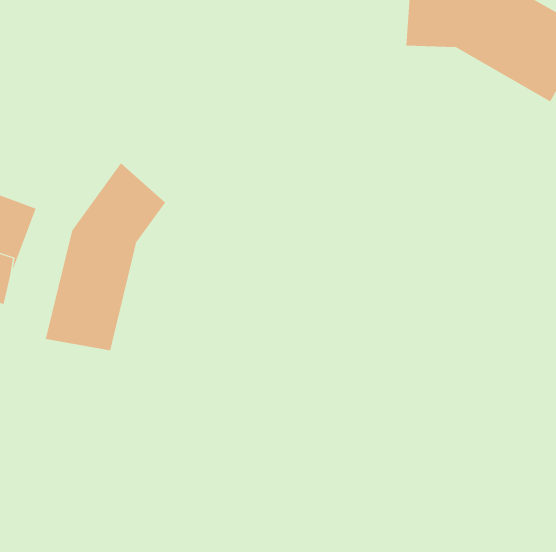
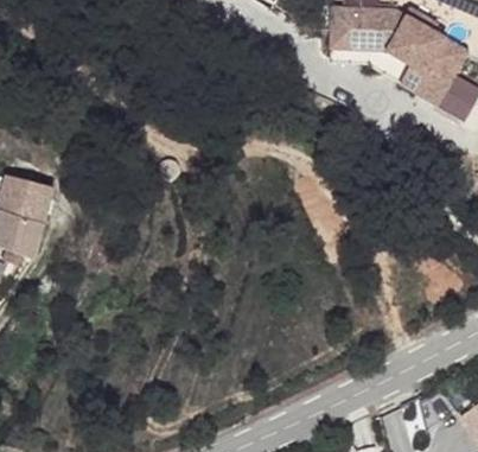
building: [45,162,166,351] -> none

